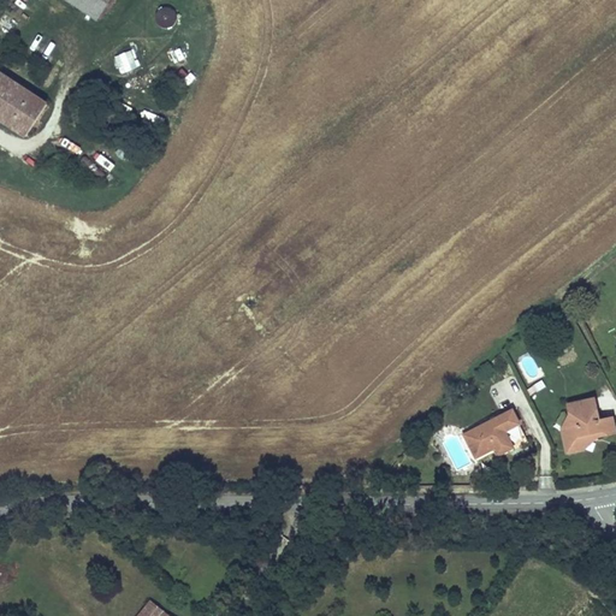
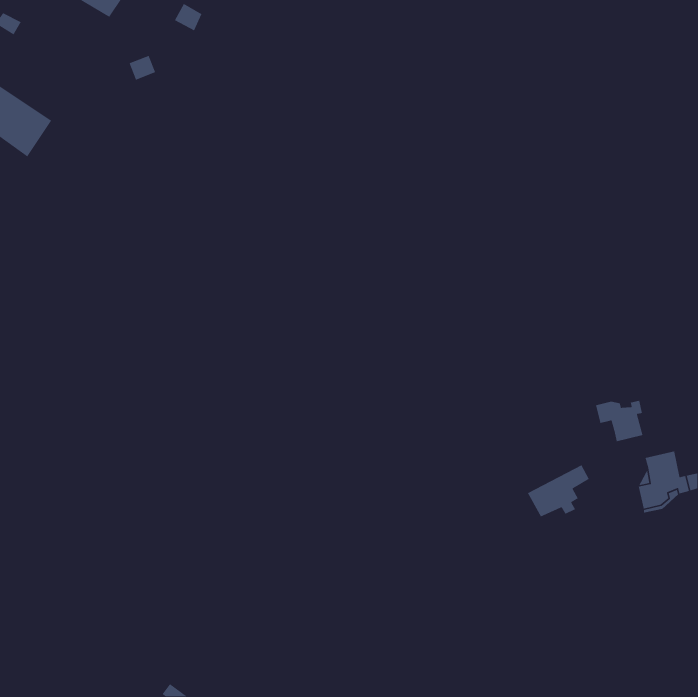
building: none -> [595,400,643,442]

